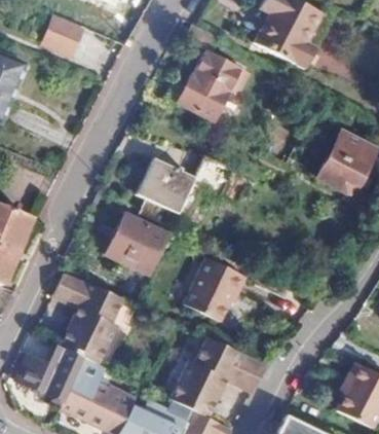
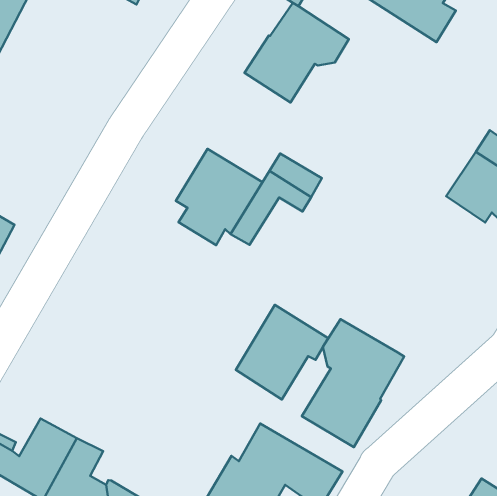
building: [108,208,165,269] -> none
building: none -> [302,319,404,447]
building: [56,274,129,369] -> none

